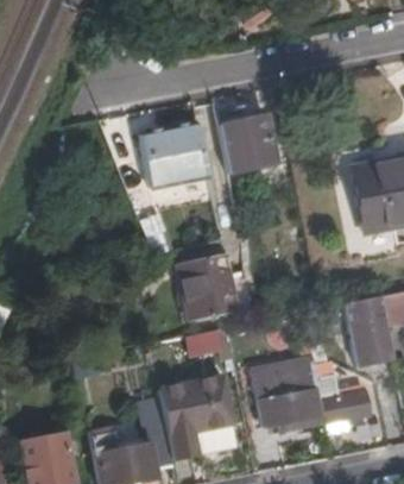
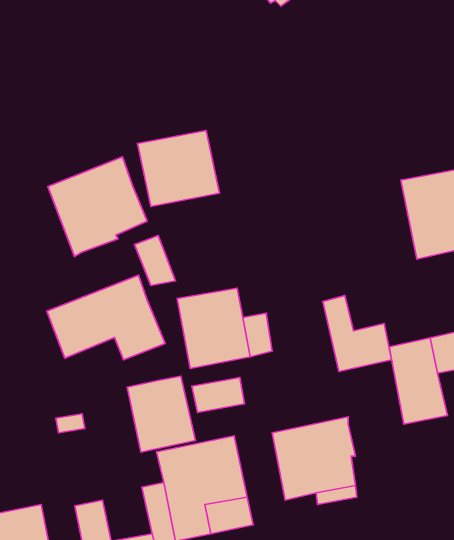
building: [219,117,276,176] -> none
building: none -> [48,157,147,257]
building: none -> [47,275,165,360]
building: none -> [127,376,195,452]
building: [311,360,367,422] -> [323,296,392,372]

